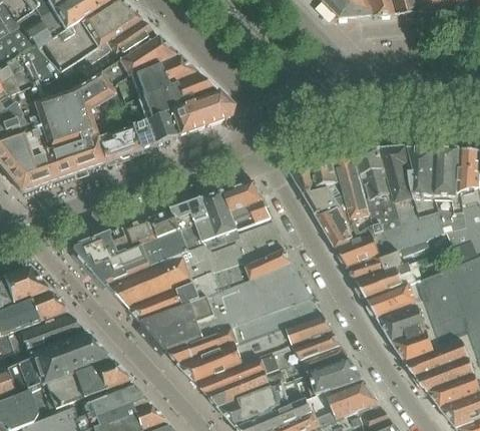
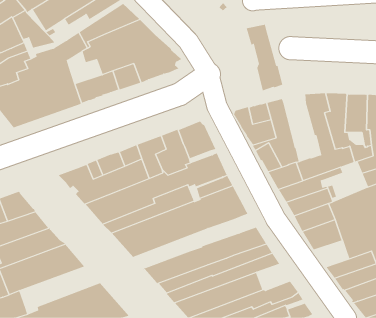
building: [356,149,402,233] -> [246,24,283,91]
building: [169,298,323,366] -> none
building: [393,331,437,364] -> none
building: [323,360,365,393] -> none
building: [29,363,129,422] -> none

